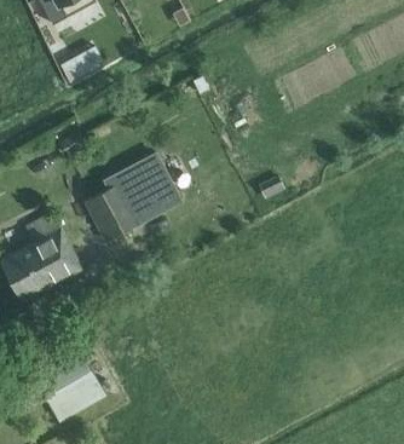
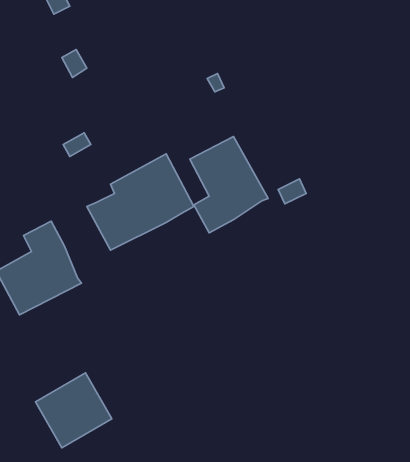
building: none -> [190,137,268,233]

